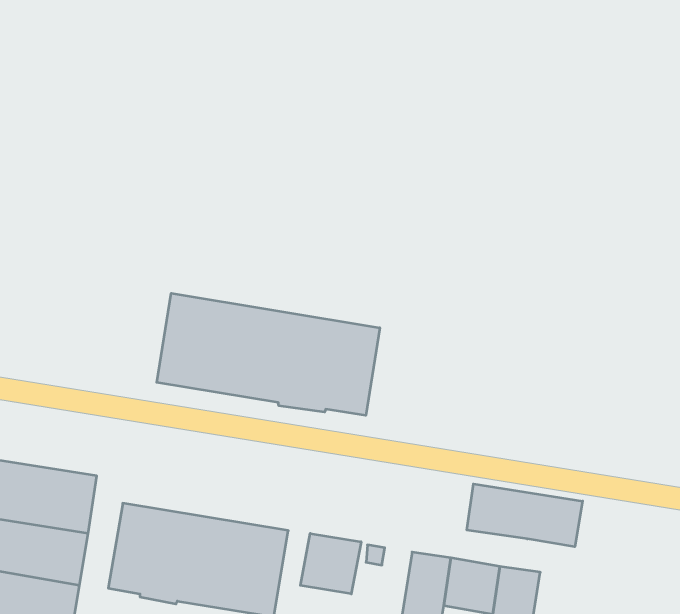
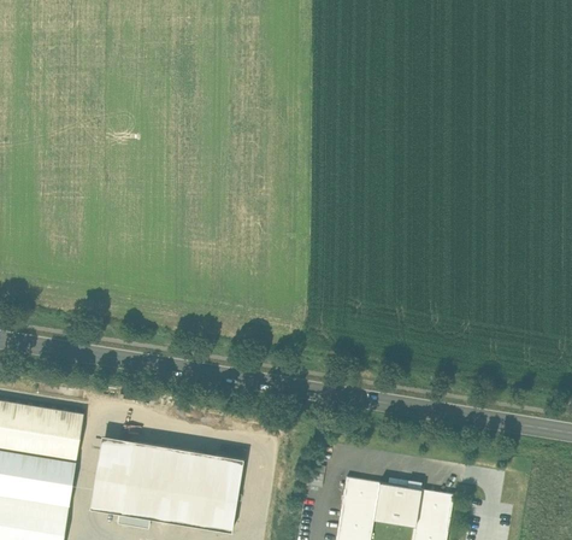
building: [157,293,380,415] -> none
building: [467,484,583,547] -> none
building: [300,533,361,594] -> none

